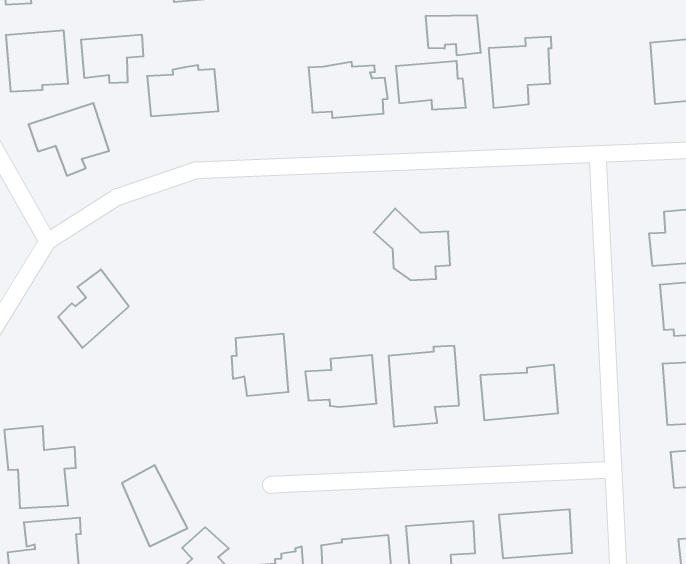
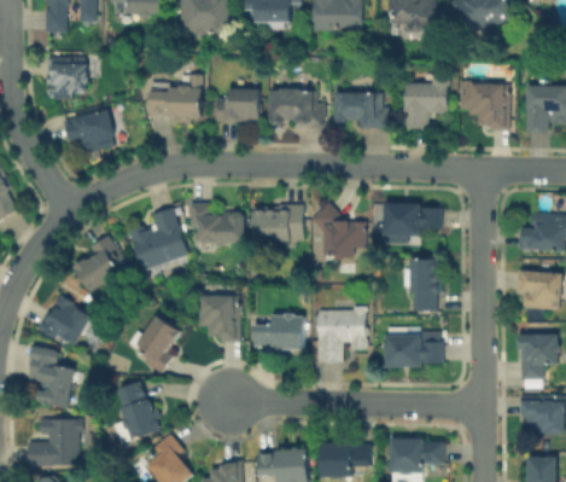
building: [426,15,481,55] -> none
building: [81,35,143,83] -> none
building: none -> [468,83,512,135]
building: none -> [204,89,259,126]
building: none -> [381,204,439,244]
building: none -> [249,204,302,249]
building: none -> [187,203,243,246]
building: none -> [122,207,187,275]
building: none -> [410,260,440,313]
building: none -> [34,289,95,344]
building: none -> [135,309,182,365]

